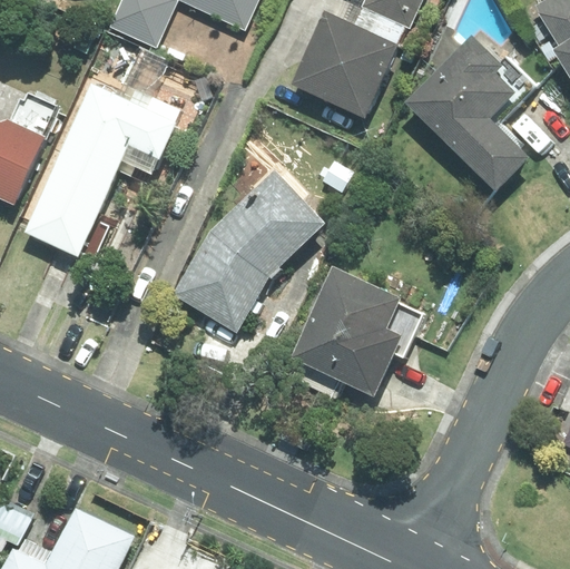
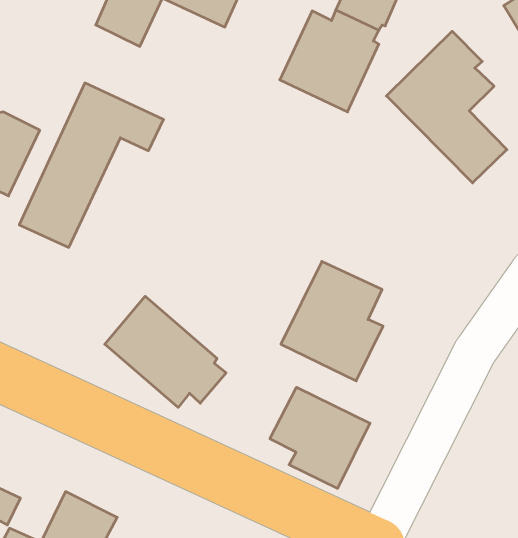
building: [175,174,324,330] -> none
building: none -> [105,296,226,407]
building: none -> [270,387,370,488]

